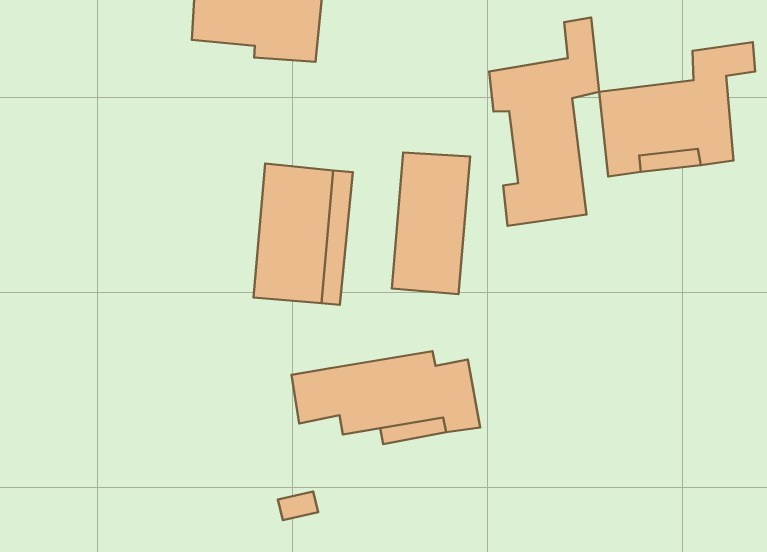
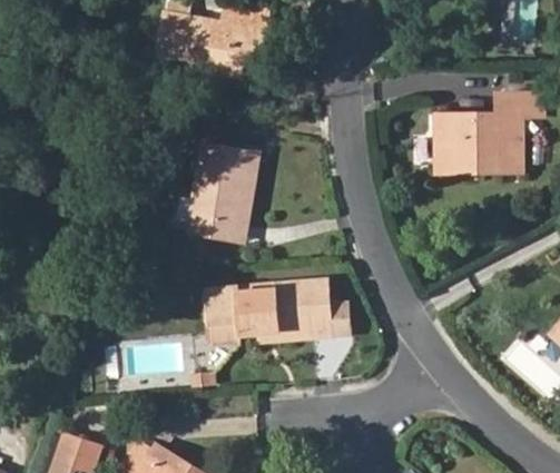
building: [489,17,599,226] -> none
building: [392,152,470,294] -> none

